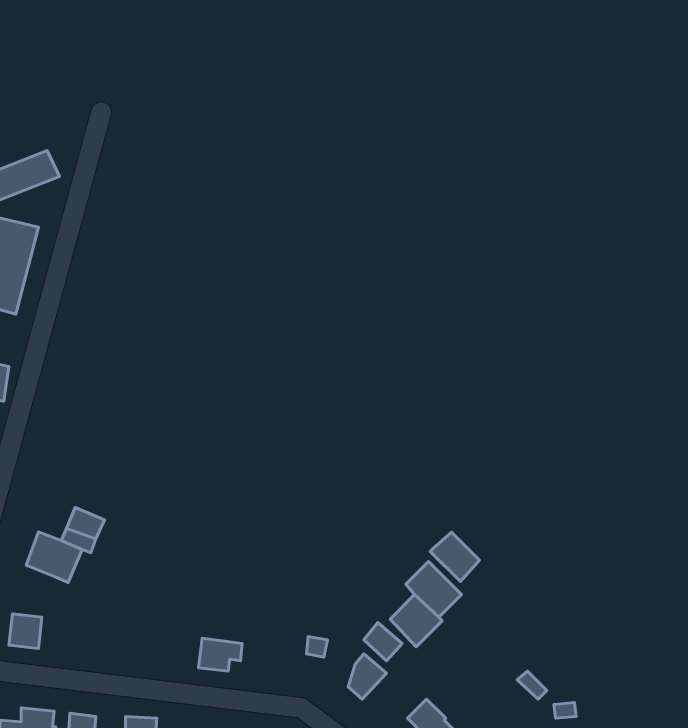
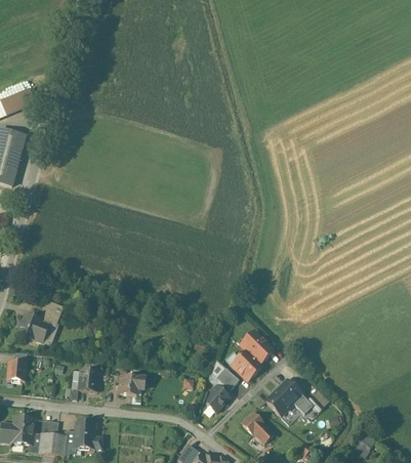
building: [430,532,480,582] -> none
building: none -> [78,369,99,391]
building: none -> [265,379,302,416]

